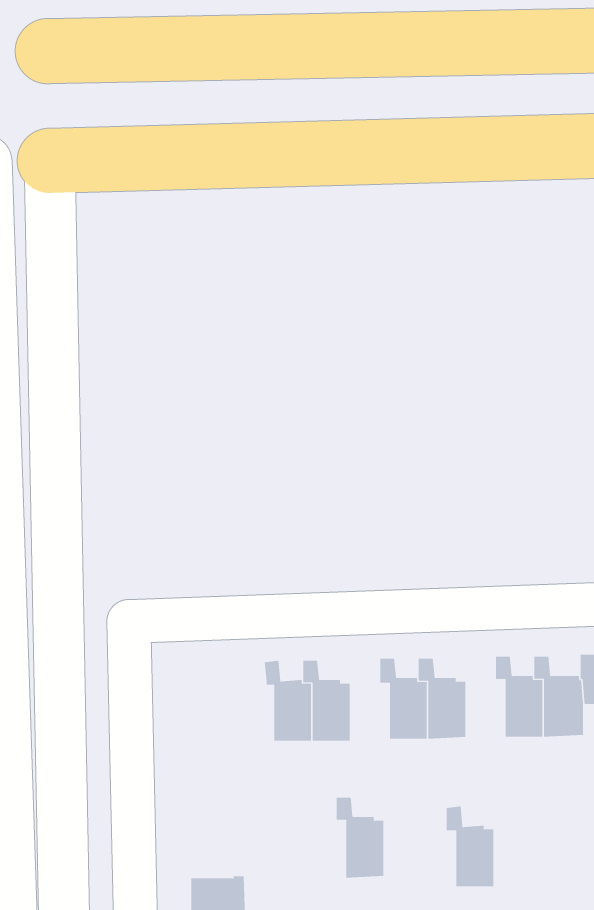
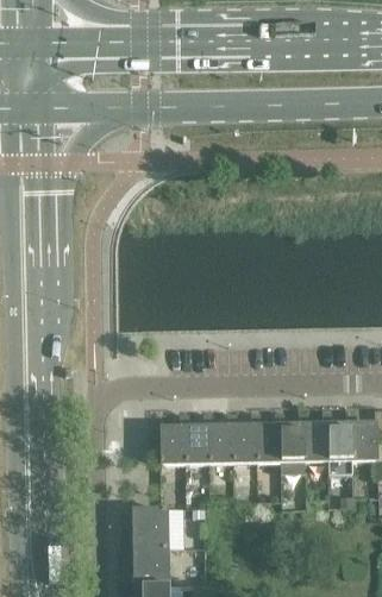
building: none -> [148,427,182,465]
building: [336,797,384,878] -> [224,414,253,464]
building: [446,806,494,887] -> [295,411,325,461]
building: none -> [130,509,164,548]

